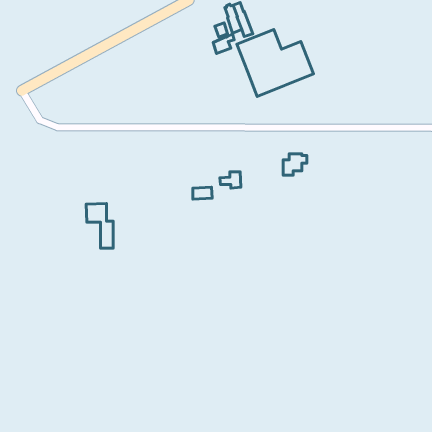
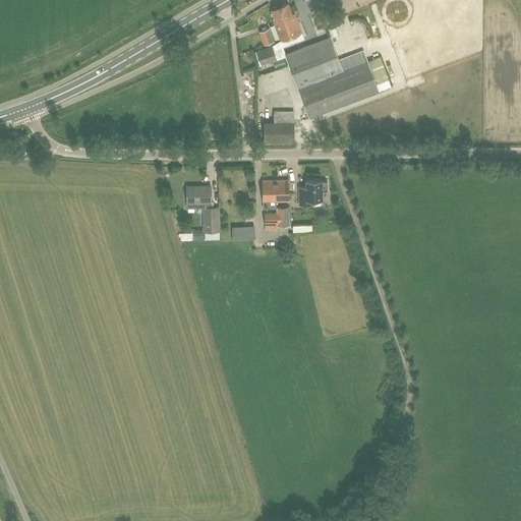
building: none -> [265,112,294,140]
building: none -> [263,180,289,209]
building: [283,154,307,175] -> [299,180,328,206]
building: [86,203,113,248] -> [186,186,219,240]

